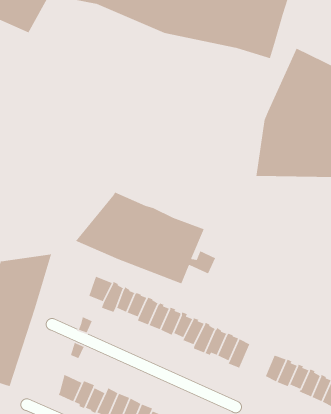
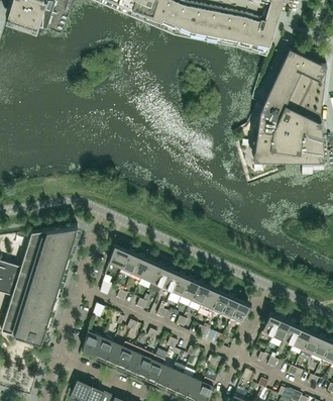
building: [75,192,216,285] -> none

